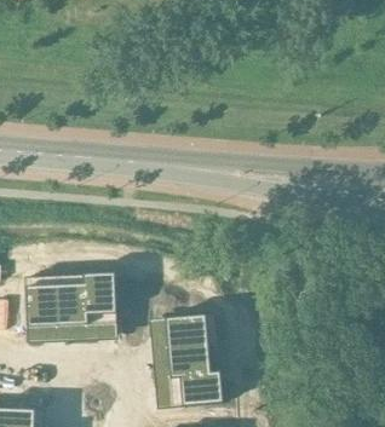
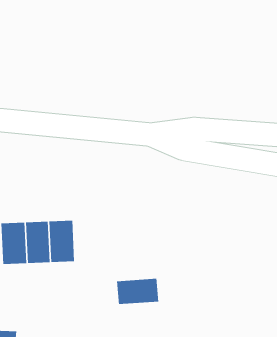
building: [161,315,214,348] -> none
building: [166,374,219,408] -> none

